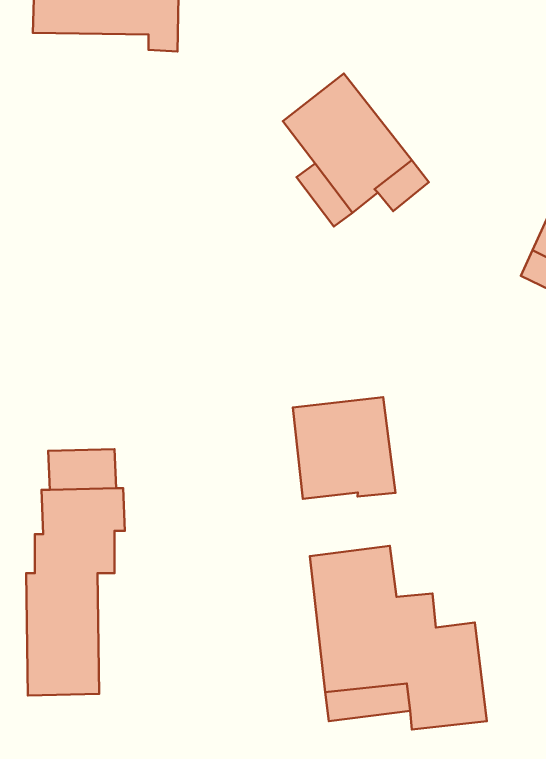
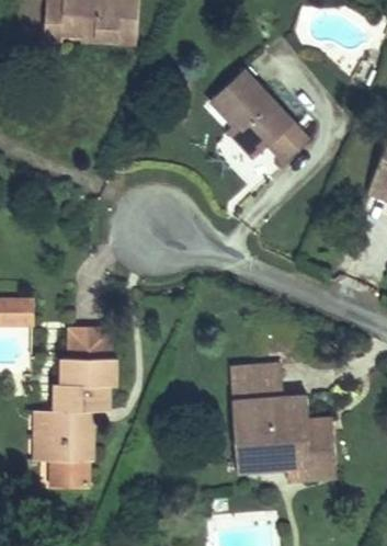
building: [293,397,395,499] -> none

